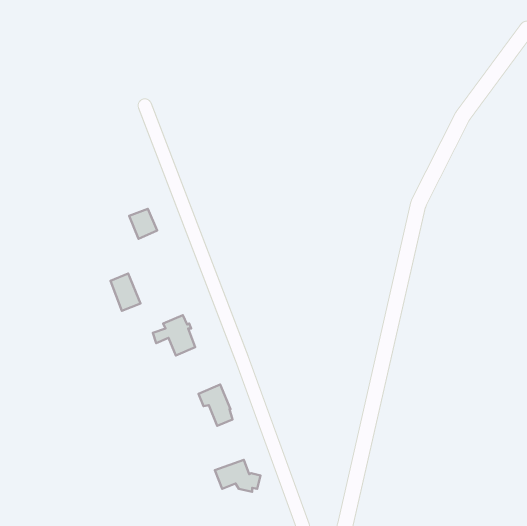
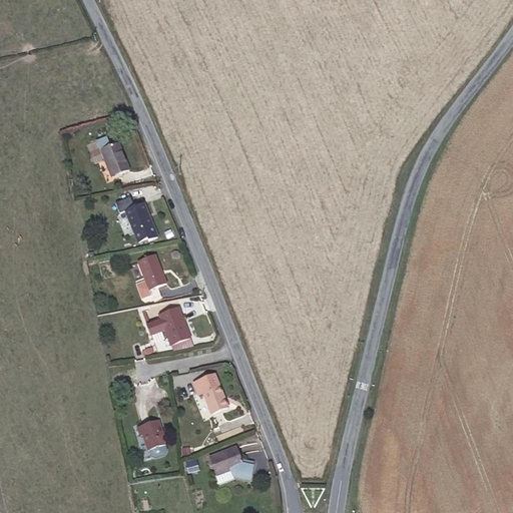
building: none -> [100,142,128,175]
building: [111,273,141,311] -> [137,253,166,290]
building: none -> [136,419,166,456]

